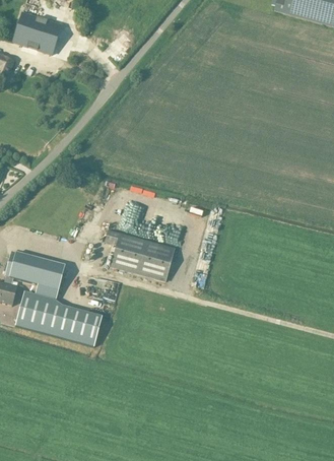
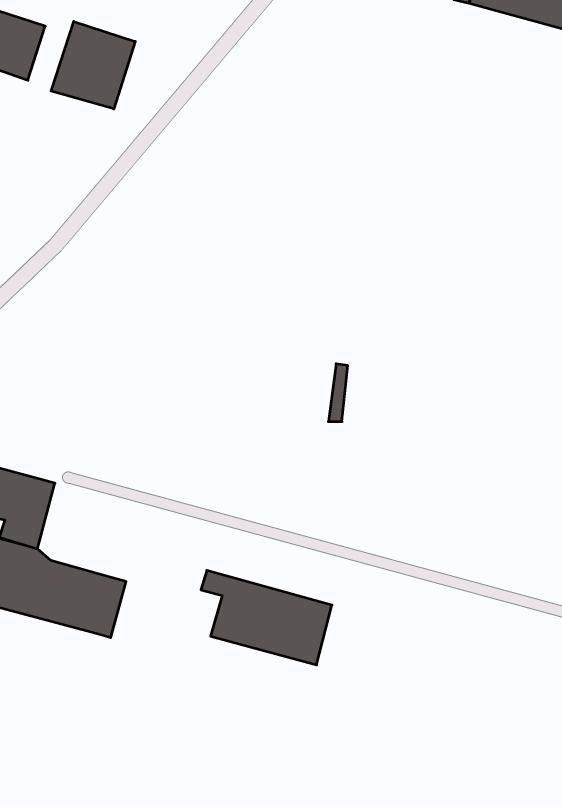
building: none -> [51,21,135,109]
building: [105,230,174,280] -> [201,570,332,665]

